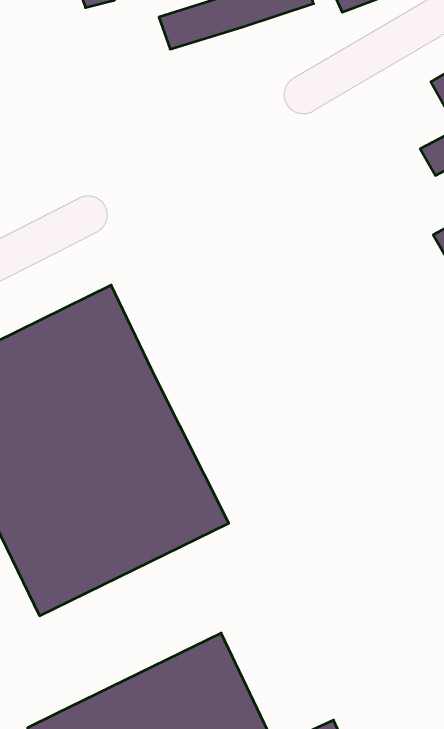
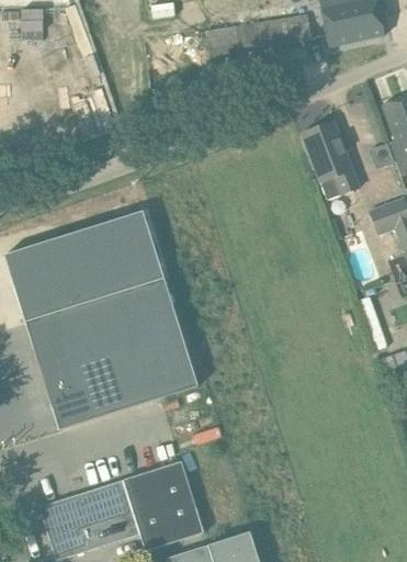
building: none -> [302,122,359,200]

